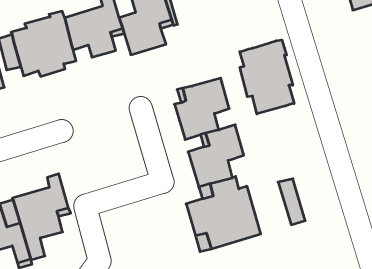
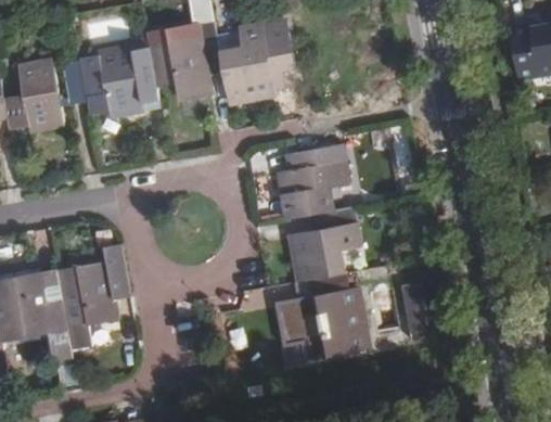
building: [240,40,294,114] -> none

